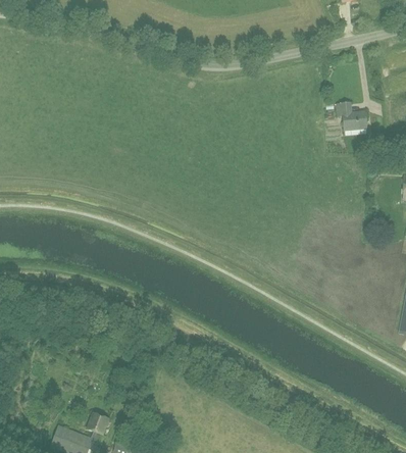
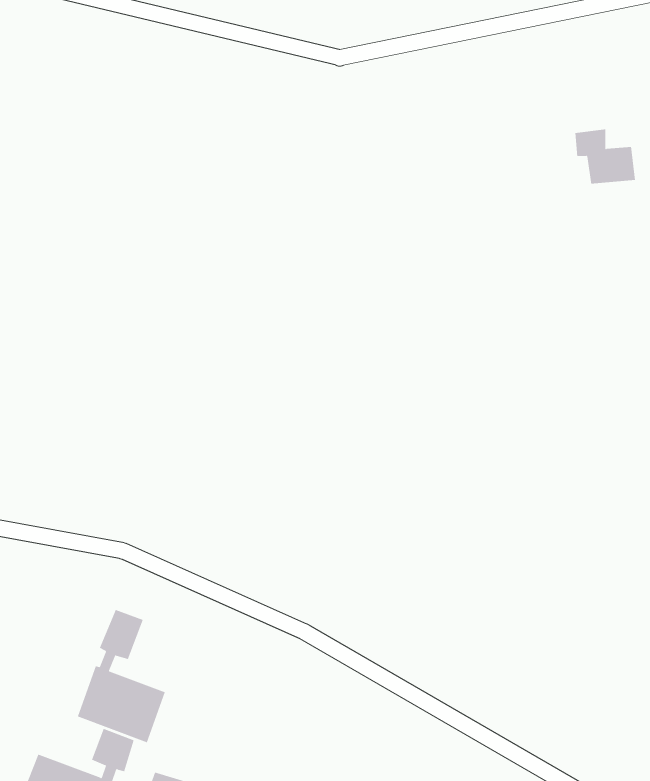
building: none -> [77,609,166,743]

